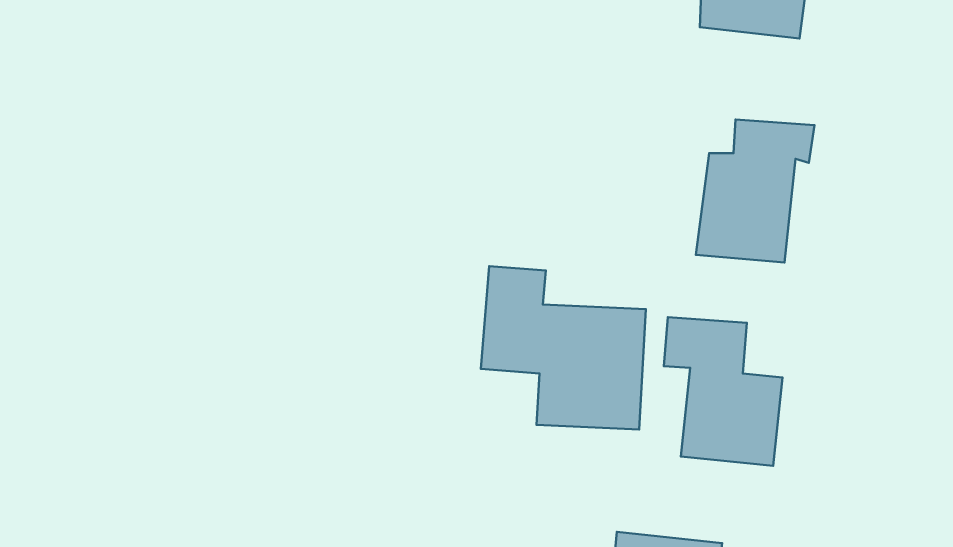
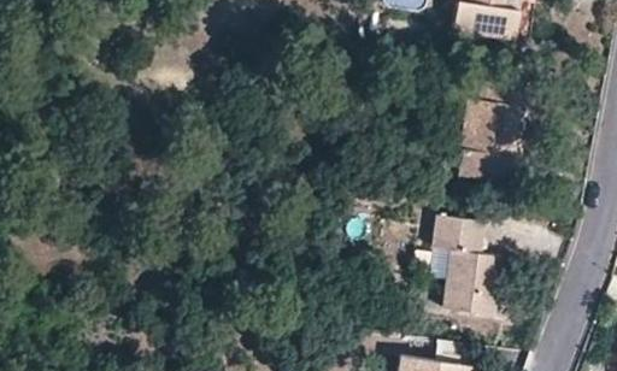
building: [481,266,646,429] -> none

